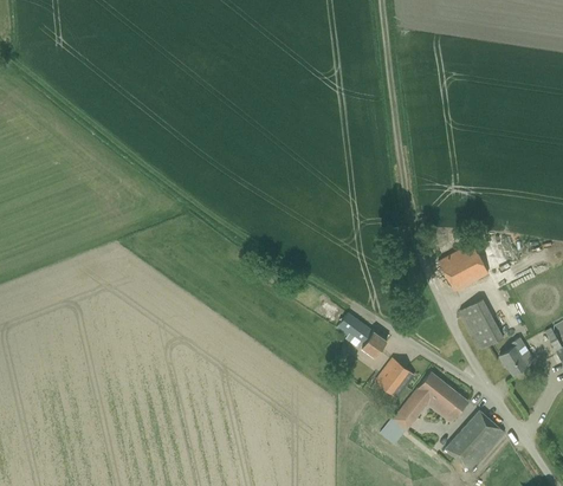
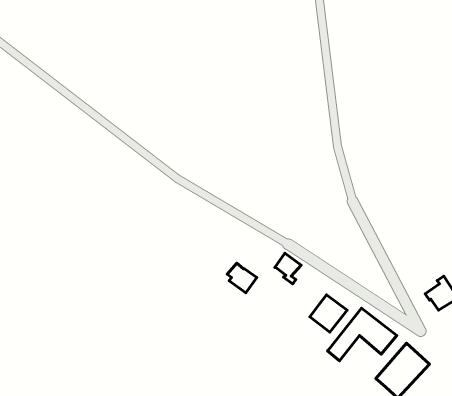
building: [433,233,488,292] -> none
building: [459,297,504,350] -> none
building: [355,326,387,358] -> [227,263,257,293]

